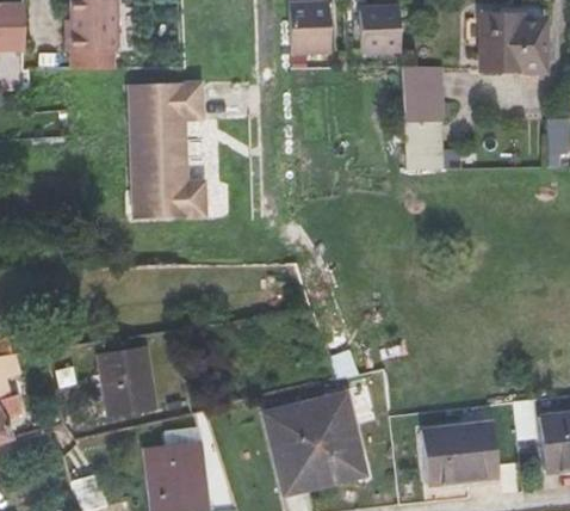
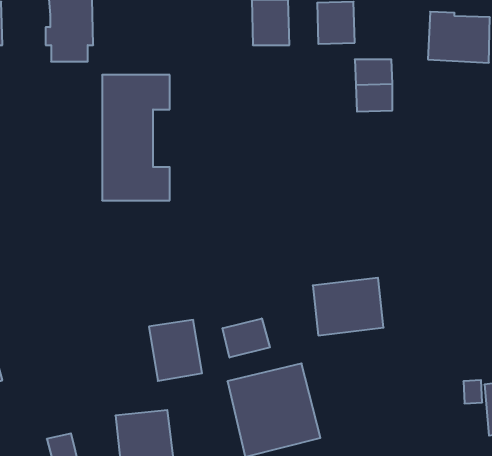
building: none -> [223,318,270,358]
building: [98,350,155,415] -> [149,320,202,381]
building: [422,423,498,485] -> [313,278,384,335]

